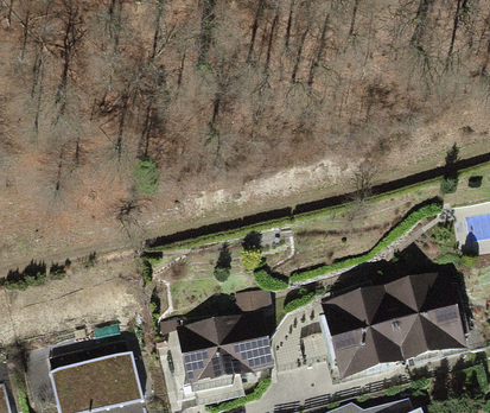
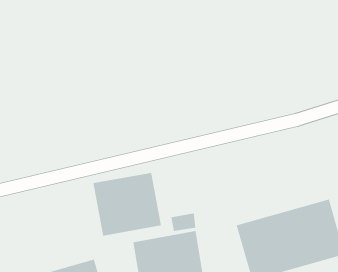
building: none -> [93,172,162,236]

